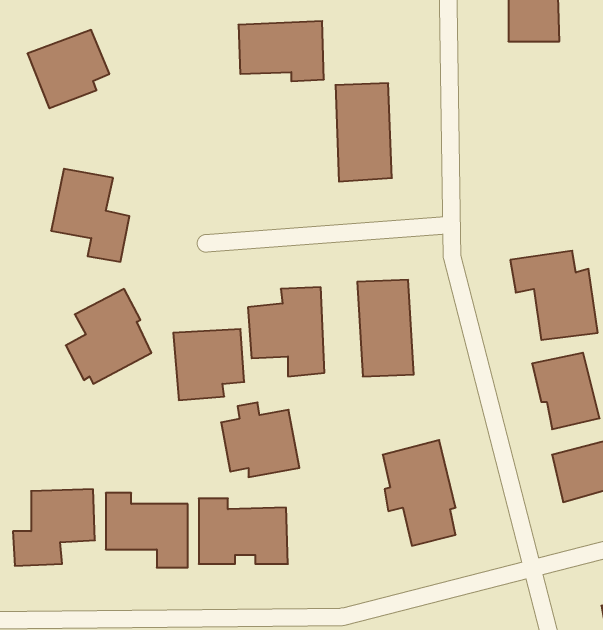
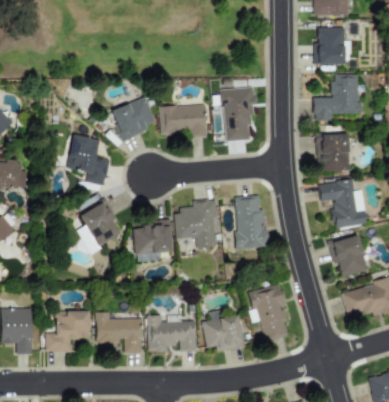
building: [238,21,324,81] -> [160,104,207,137]
building: [27,30,109,108] -> [111,97,156,140]
building: none -> [314,74,361,120]
building: none -> [317,133,350,171]
building: [221,402,299,477] -> [202,310,245,351]

